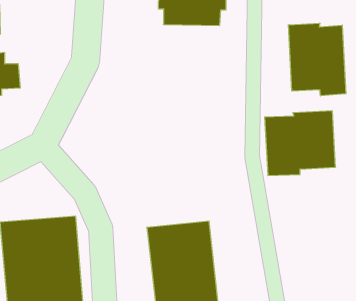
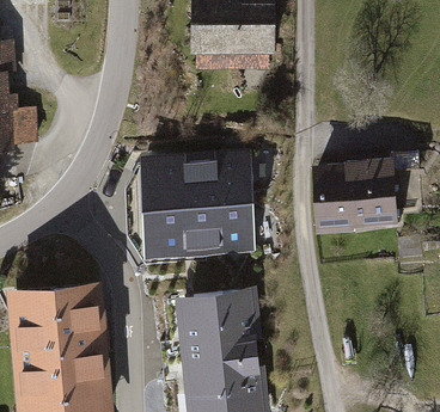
building: [288,23,346,96] -> none
building: none -> [141,156,253,252]

